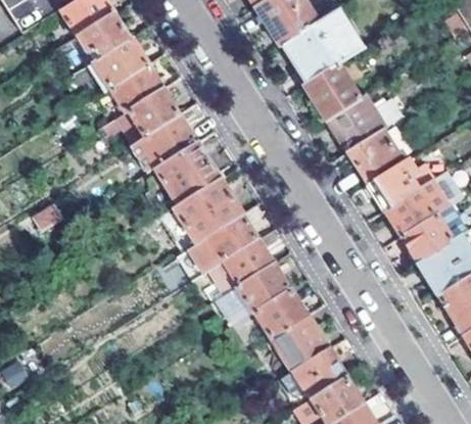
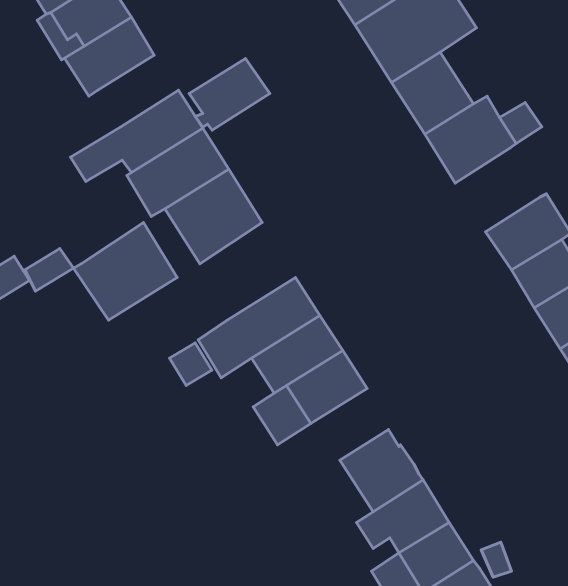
building: [109,65,163,113] -> [189,59,270,130]
building: [349,128,407,184] -> none
building: [173,178,242,243] -> [74,223,177,320]
building: [255,289,307,337] -> none

